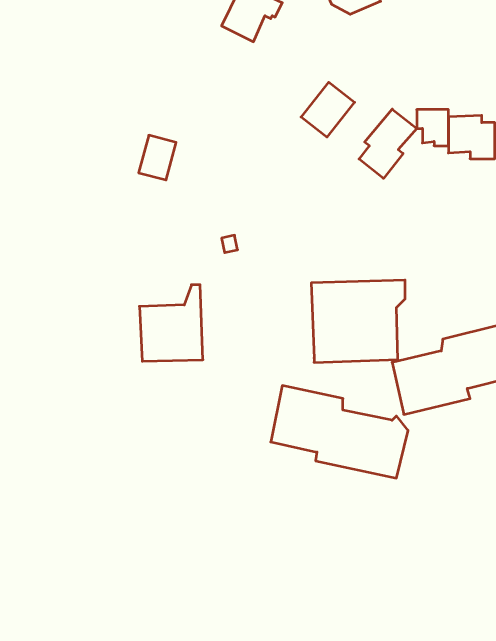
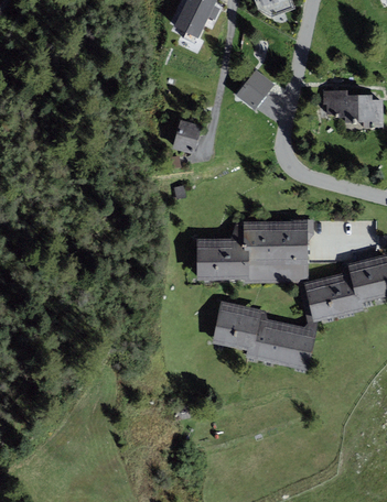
building: [359,109,417,178] -> none
building: [139,135,176,180] -> [173,119,202,153]
building: [139,285,203,361] -> [196,221,245,280]

